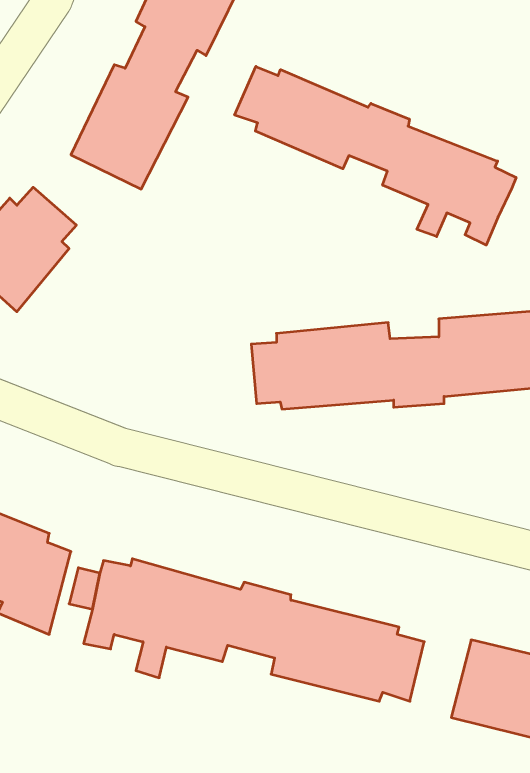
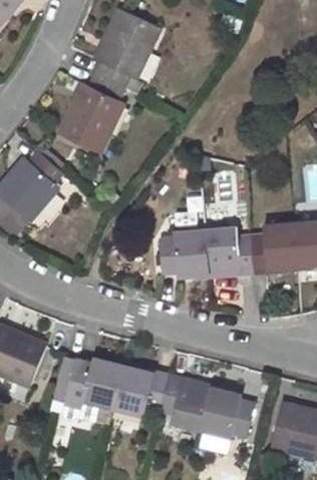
building: [235,66,516,245] -> none

